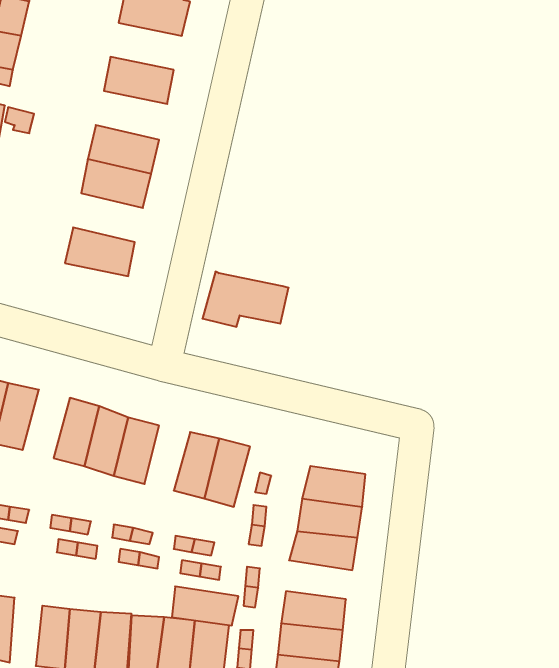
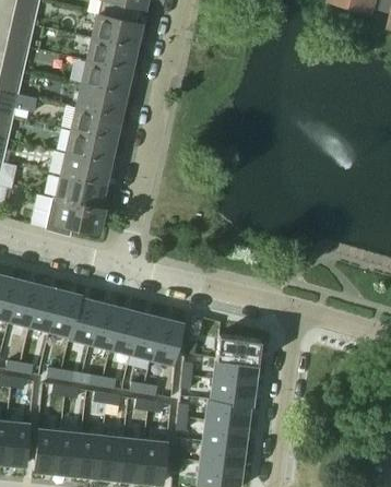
building: none -> [87,37,135,69]
building: none -> [78,83,126,116]
building: none -> [62,152,109,185]
building: [202,272,289,327] -> [46,198,104,235]
building: none -> [28,284,60,330]
building: none -> [110,308,141,352]
building: [172,586,238,625] -> [205,399,250,425]

